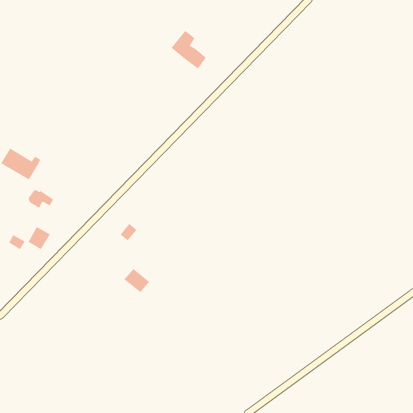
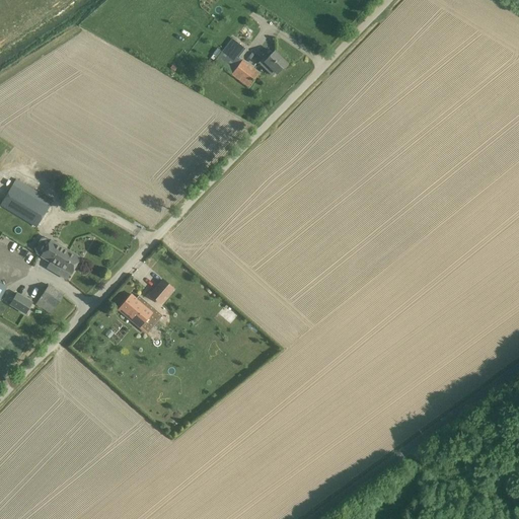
building: none -> [258,51,287,76]
building: none -> [50,249,81,275]
building: [124,268,150,293] -> [119,294,152,325]

